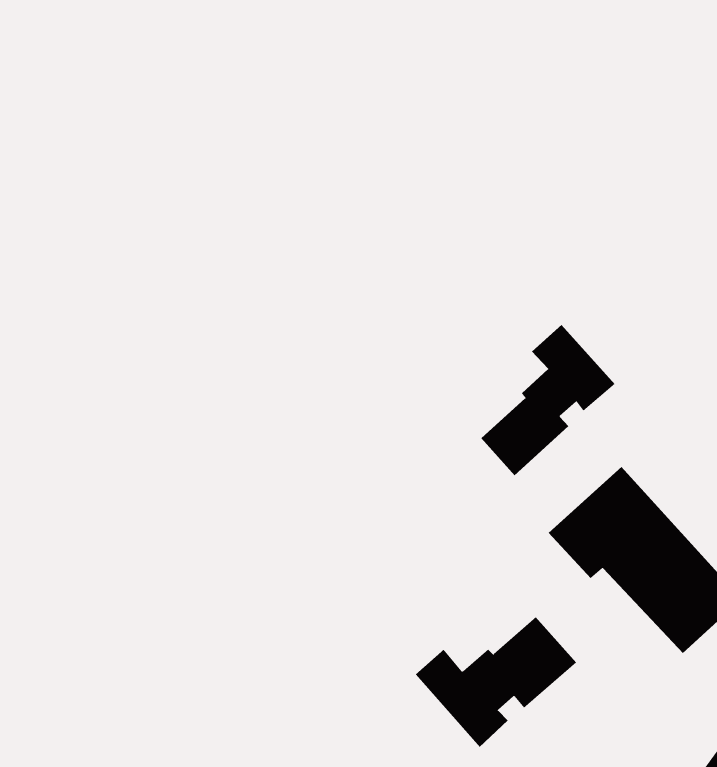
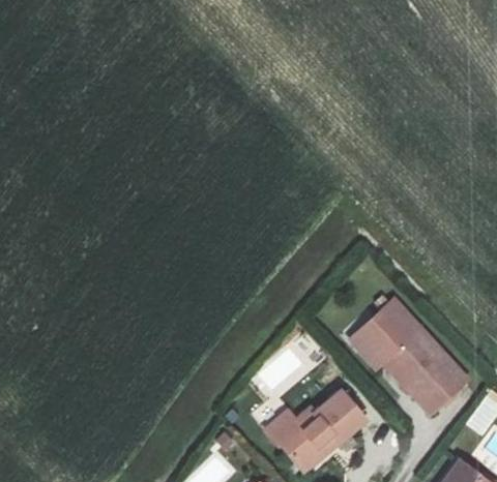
building: [480,324,616,476] -> none

